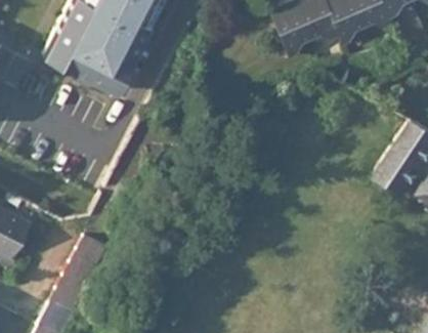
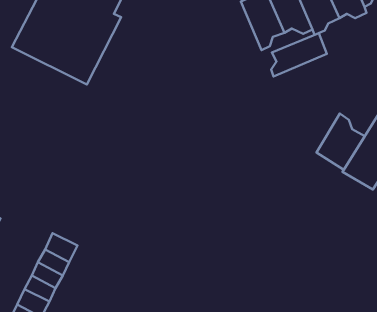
building: none -> [271,33,327,77]
building: none -> [316,114,365,170]

